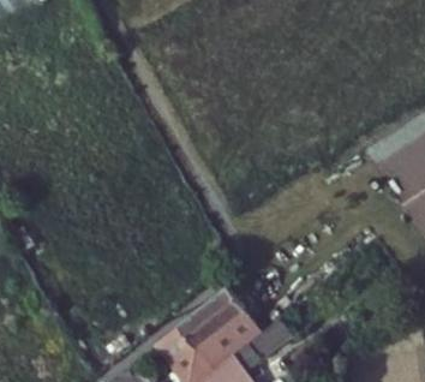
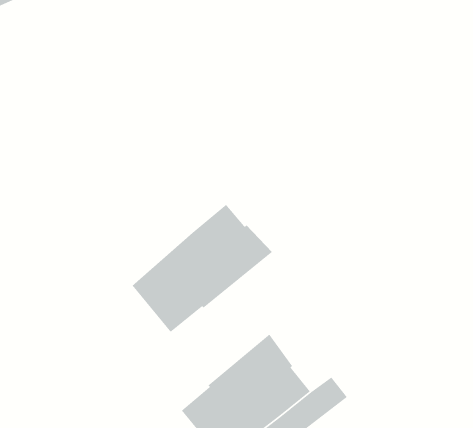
building: none -> [131,204,273,333]

